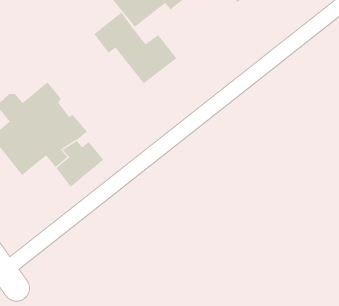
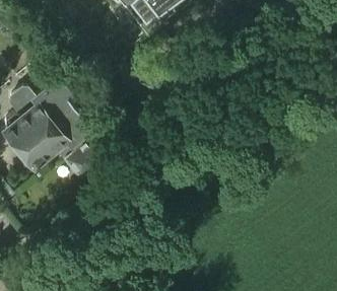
building: [93,11,177,84] -> none

